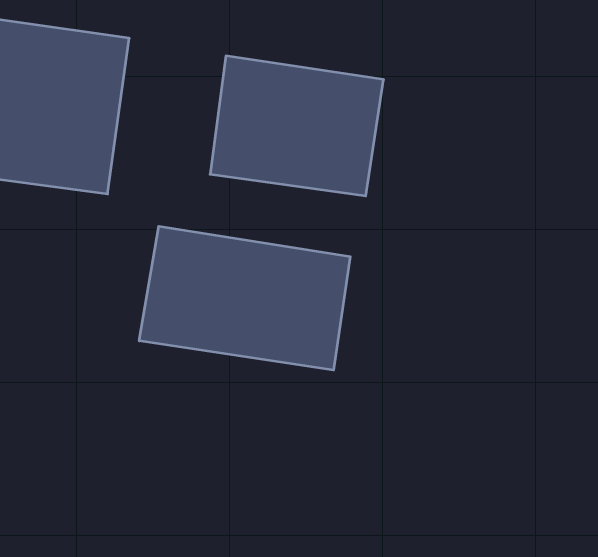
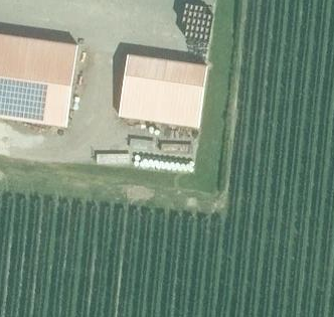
building: [139,226,350,370] -> none

